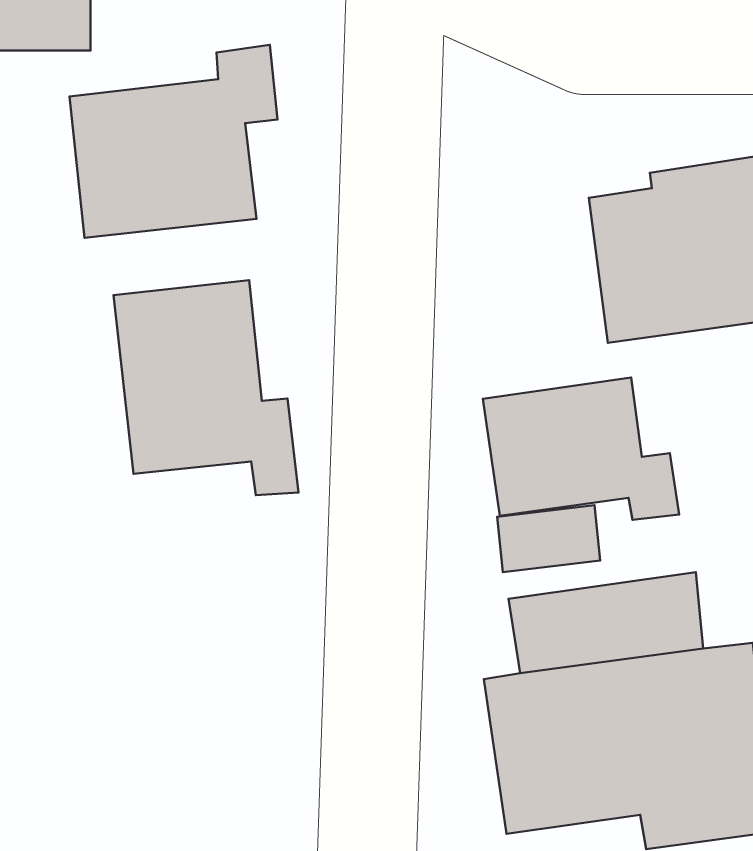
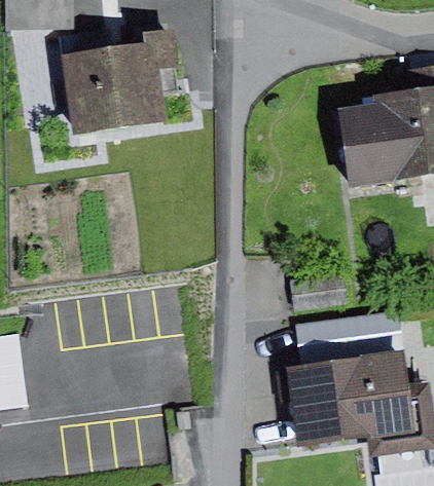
building: [113,280,298,495] -> none
building: [483,378,679,520] -> none

